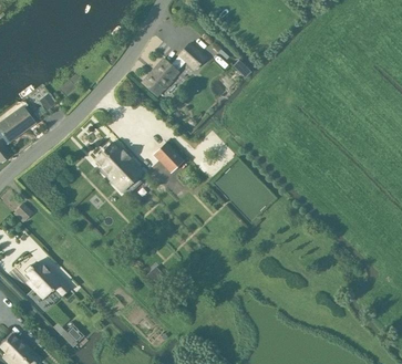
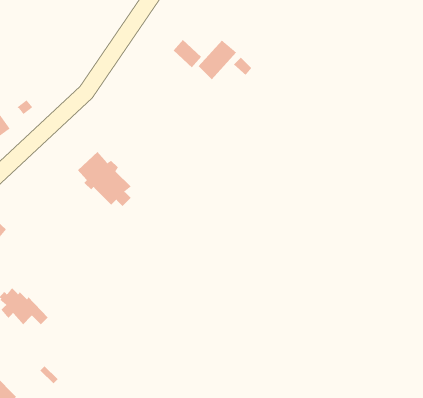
building: [143,60,177,95] -> [198,40,237,80]
building: [153,143,183,173] -> none

